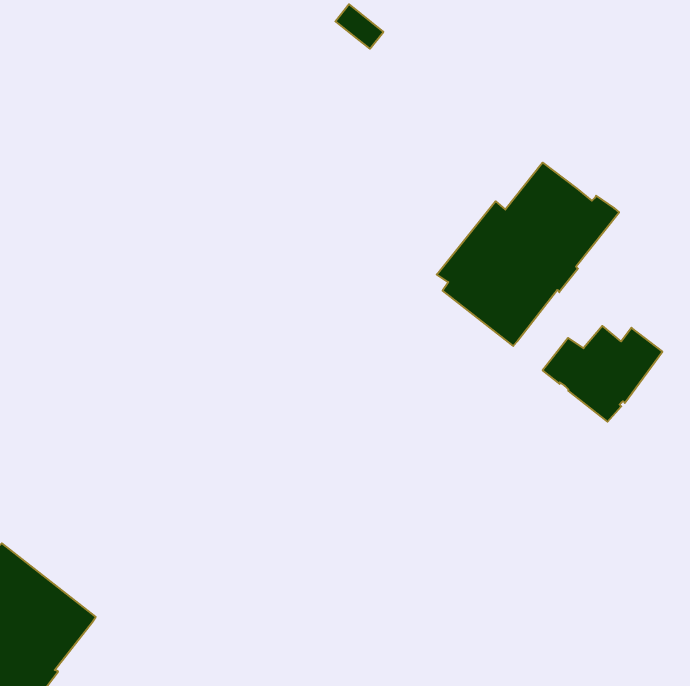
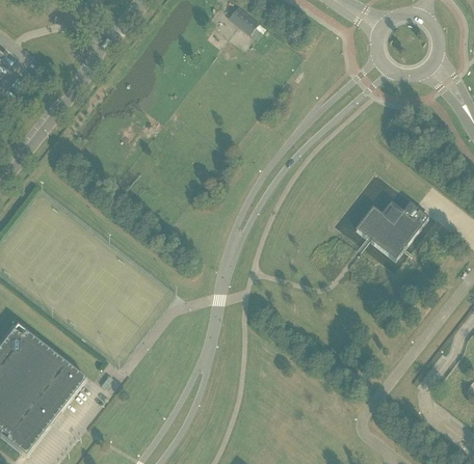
building: [437,163,619,346] -> none

